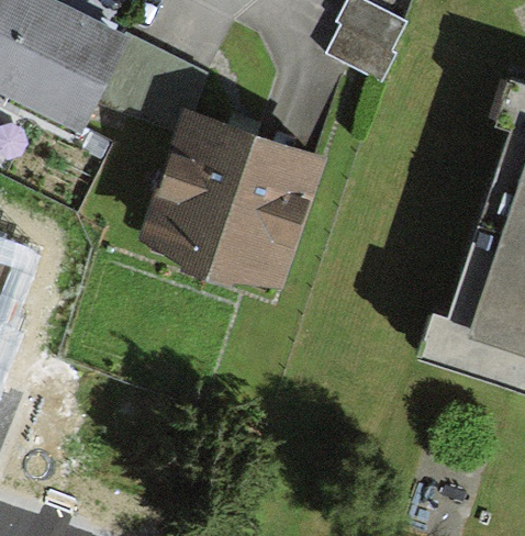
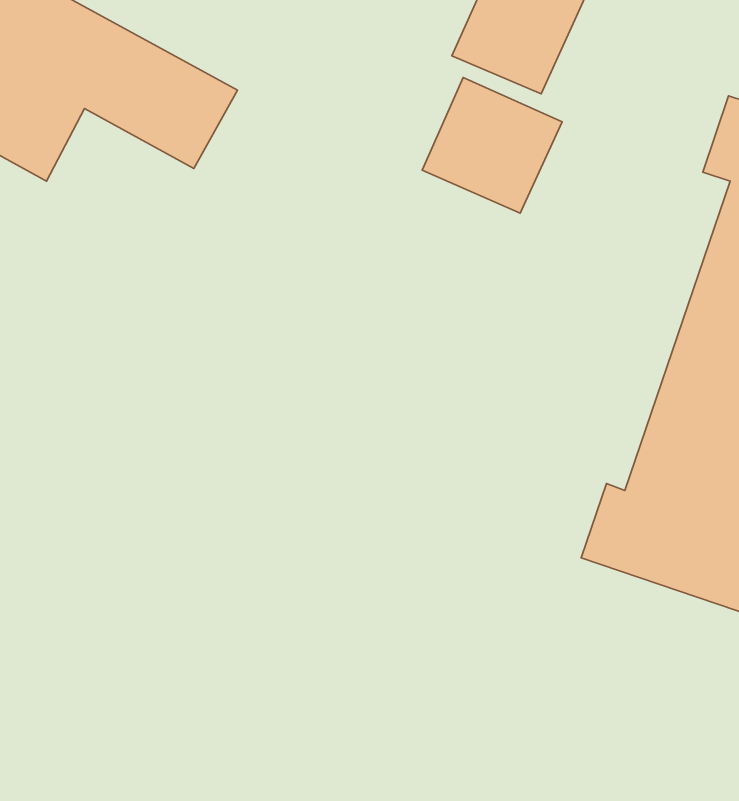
building: none -> [422,78,562,213]
building: [155,118,323,276] -> none

